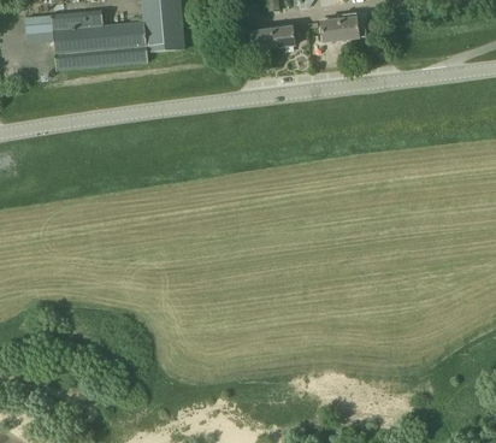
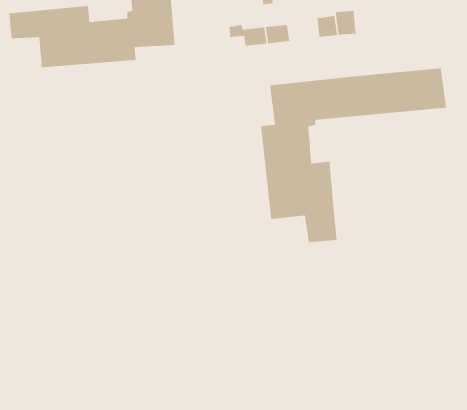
building: none -> [260,68,447,243]

